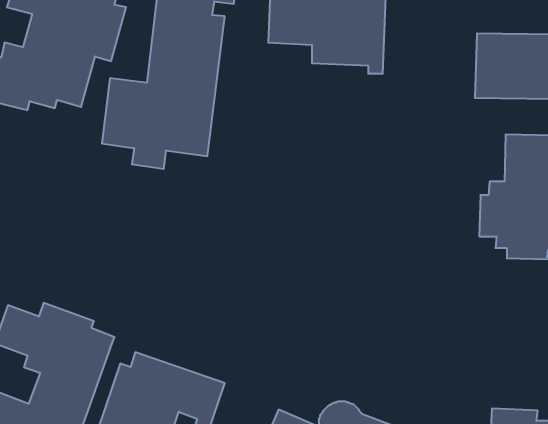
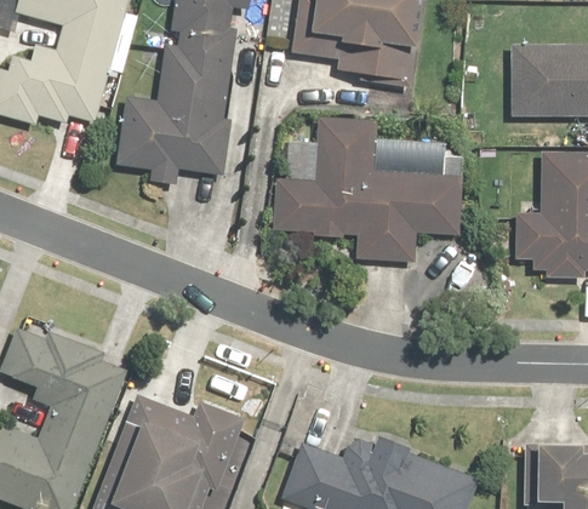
building: none -> [270,114,464,263]

